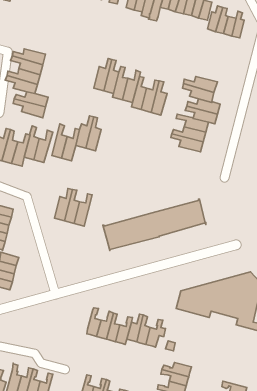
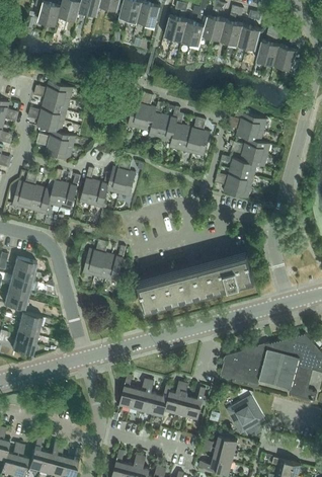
building: none -> [229,398,262,432]

